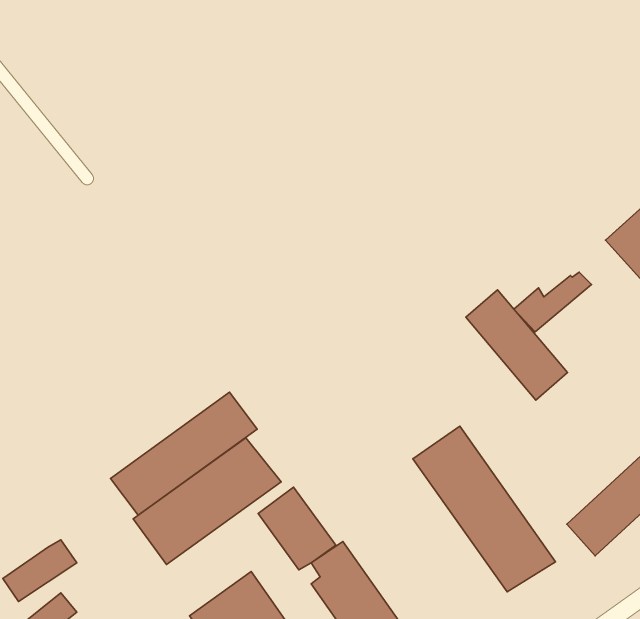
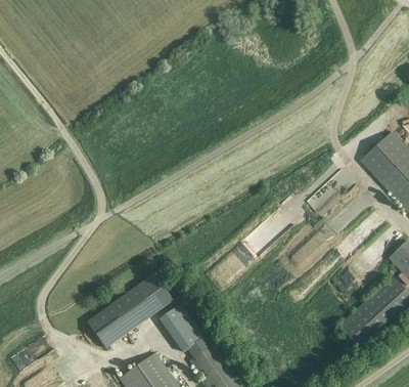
building: [466,290,567,400] -> none
building: [110,392,257,515] -> none
building: [413,426,555,592] -> none

